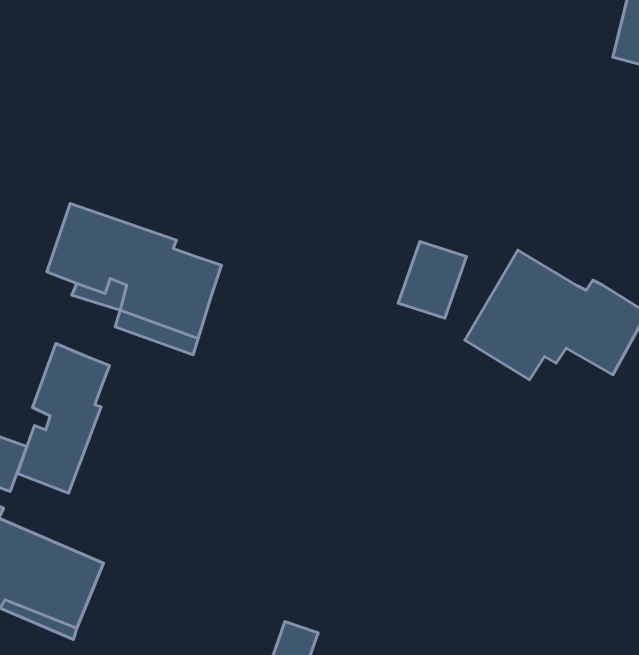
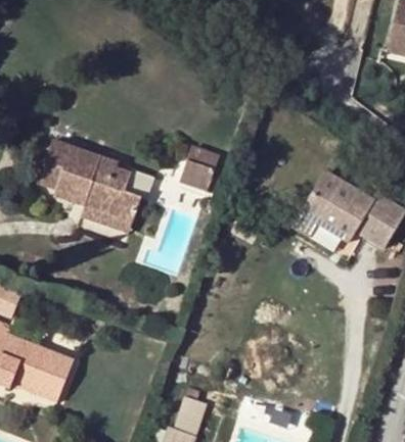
building: [398,242,466,318] -> [176,143,218,190]
building: [18,343,110,493] -> none

